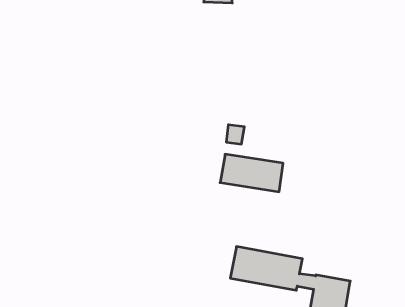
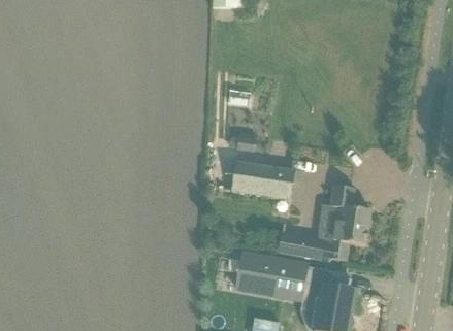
building: none -> [324,184,365,259]
building: none -> [278,235,313,258]

